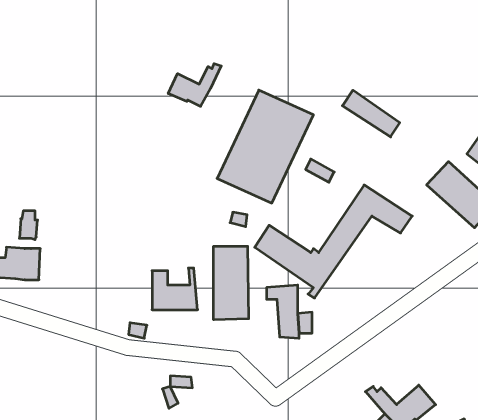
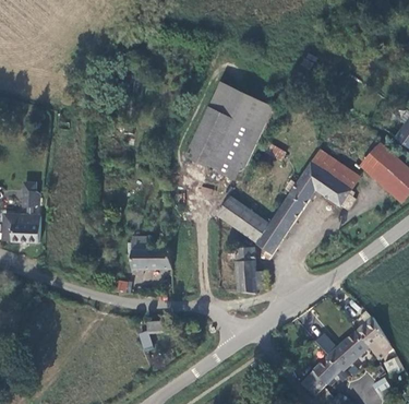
building: [168,64,221,106] -> none
building: [342,90,400,137] -> [310,151,358,190]
building: [214,246,249,320] -> none
building: none -> [356,318,388,352]

